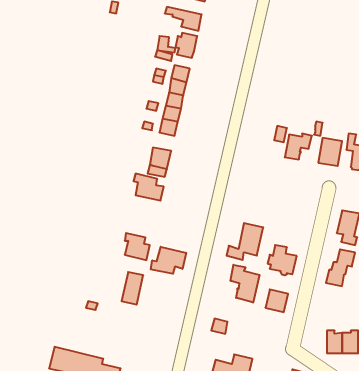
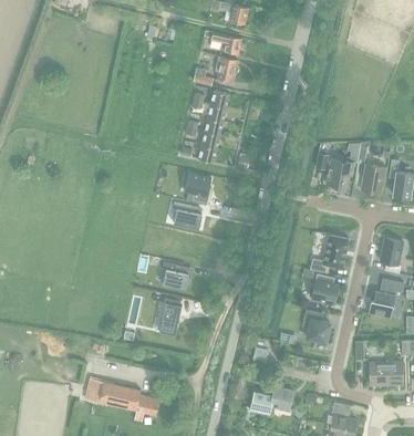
building: [227,223,263,260] -> [311,235,349,272]
building: [151,247,186,274] -> none
building: [231,265,260,303] -> none

